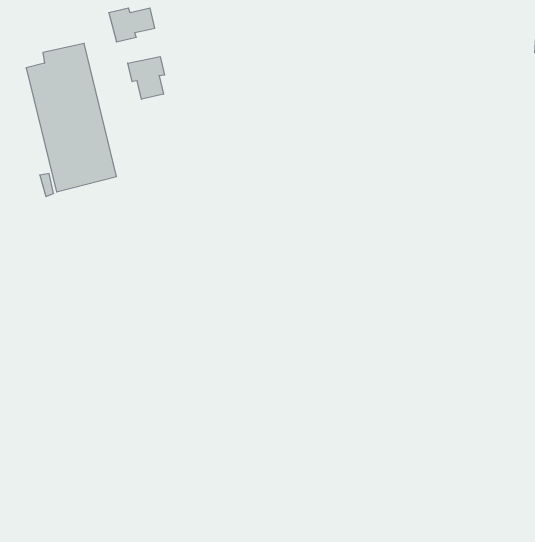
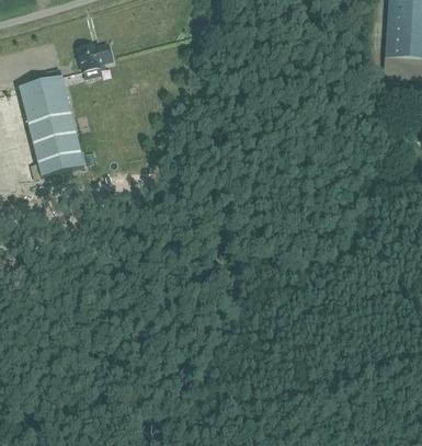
building: [128,57,164,99] -> none

